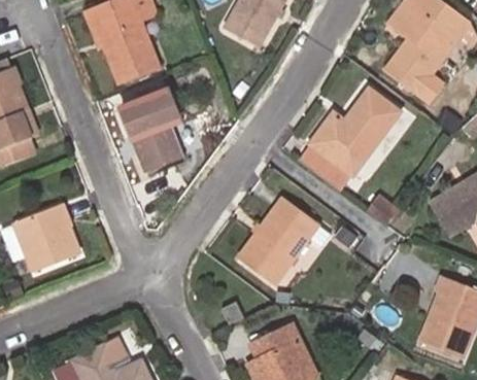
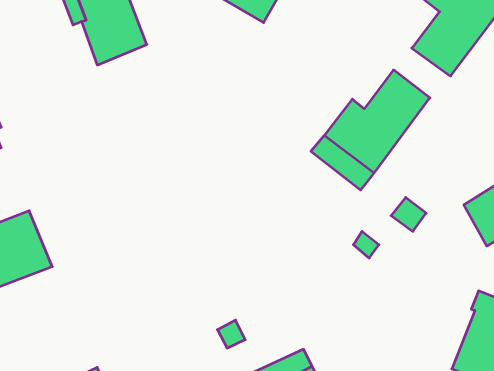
building: [121,92,185,171] -> none
building: [237,197,319,285] -> none

